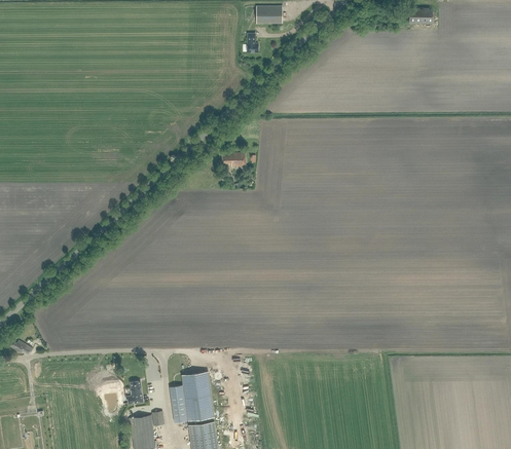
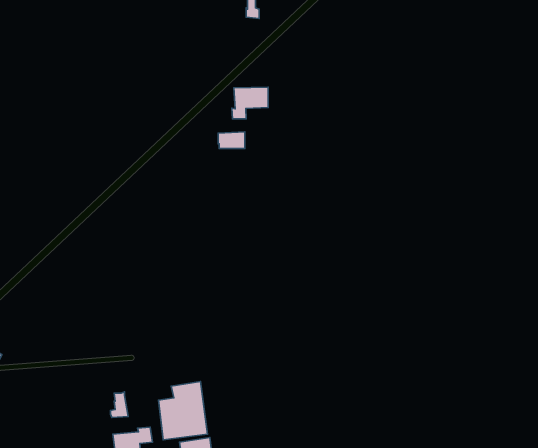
building: none -> [232,87,268,119]

